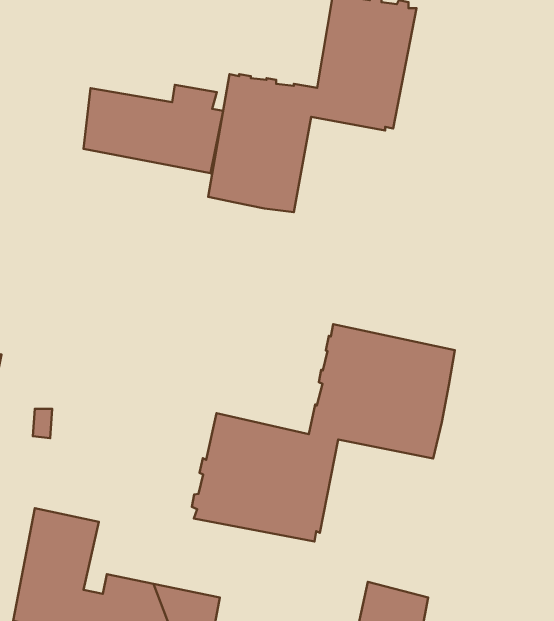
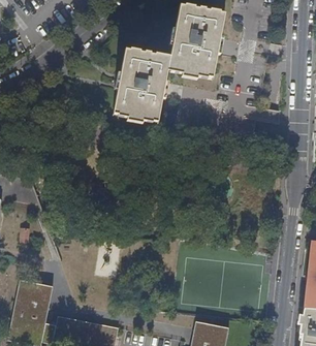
building: [83,85,223,173] -> none
building: [192,324,455,541] -> none

